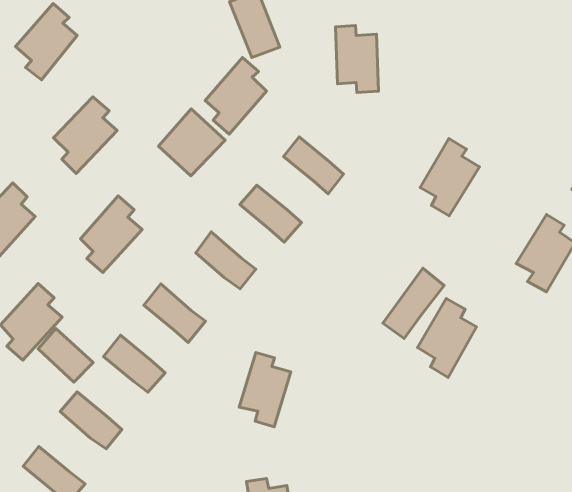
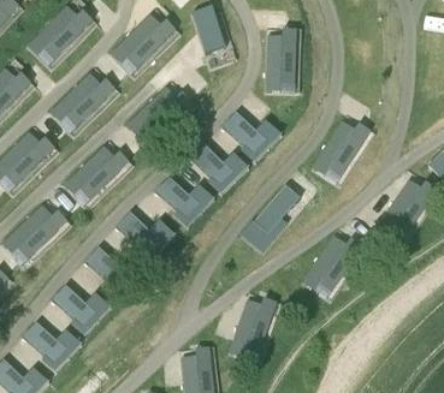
building: [205,58,267,134] -> [120,17,165,71]
building: [383,268,444,338] -> [254,186,300,236]
building: [38,328,93,382] -> none
building: [239,352,291,427] -> [233,300,272,355]

